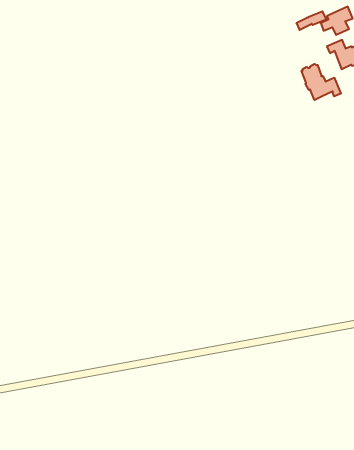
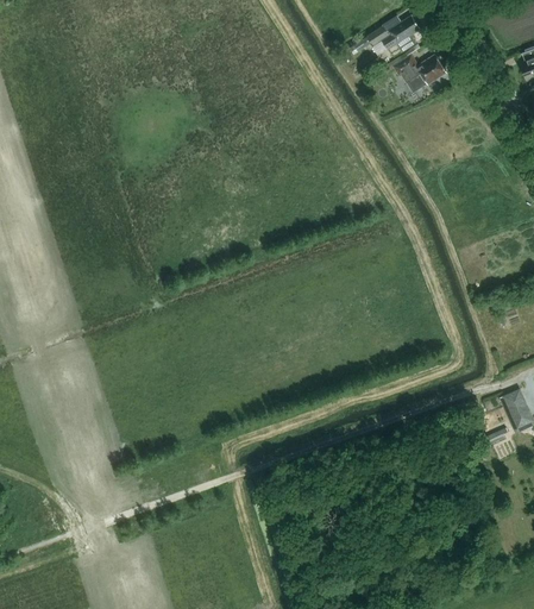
building: [301,64,341,100] -> none

